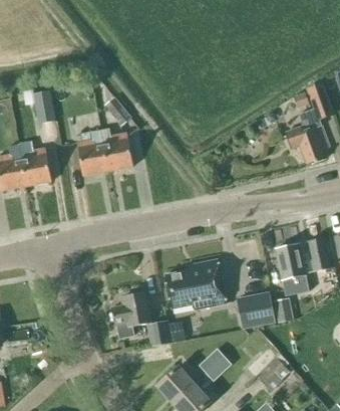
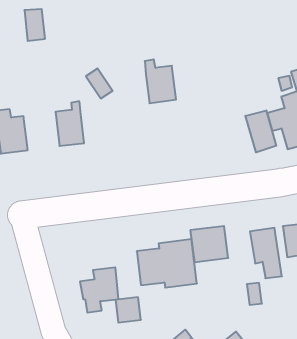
building: [34,90,56,123] -> [24,9,45,41]
building: [100,128,133,171] -> [145,60,176,103]
building: none -> [245,110,276,152]
building: [237,291,276,329] -> [190,226,228,262]

